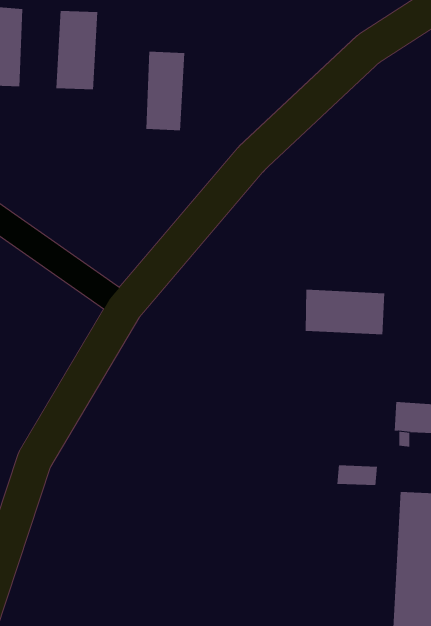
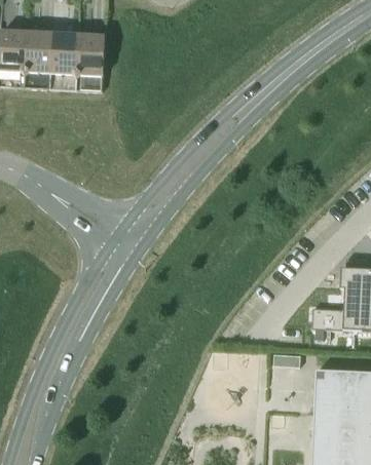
building: [146,51,185,131] -> [50,33,78,88]
building: [305,289,385,335] -> none

